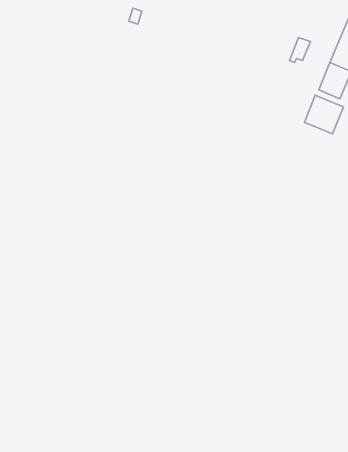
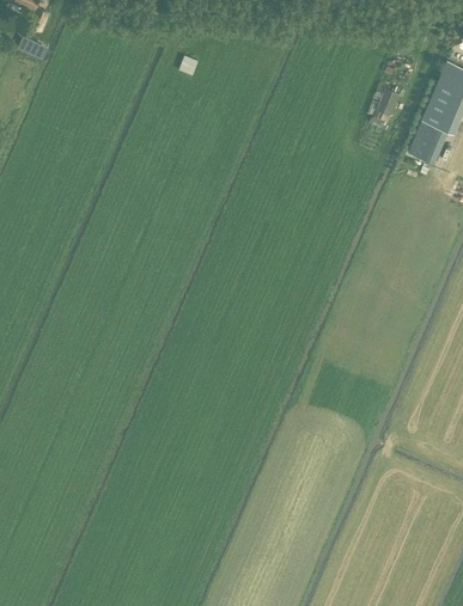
building: [305,95,343,134] -> none

